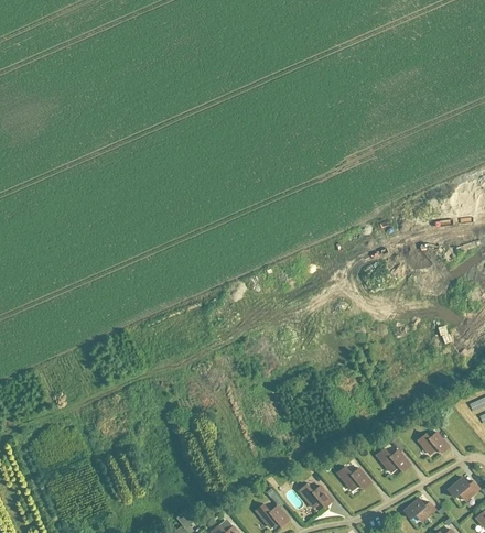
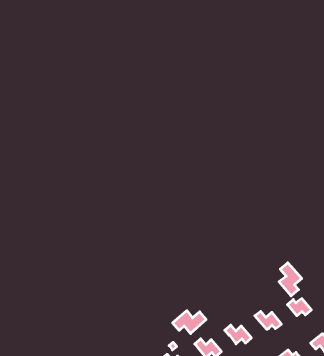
building: none -> [279,263,302,296]
building: none -> [173,311,206,334]

